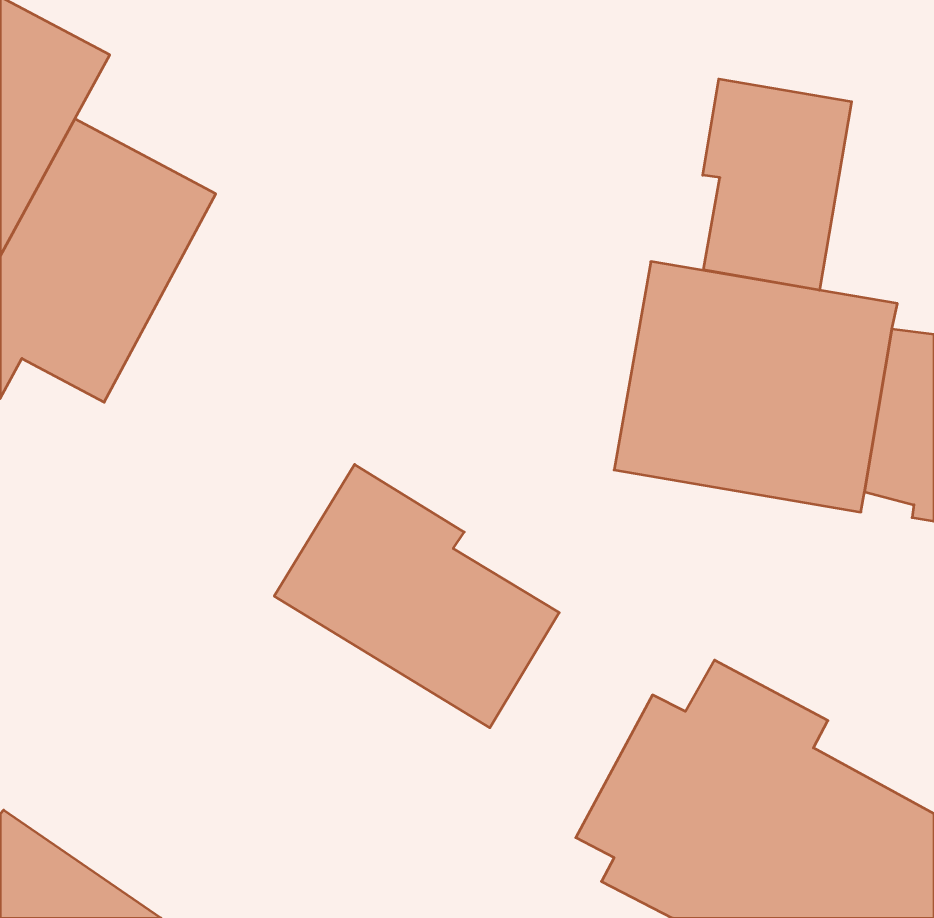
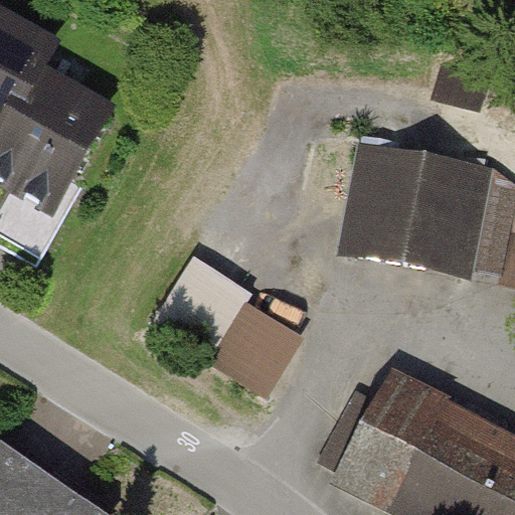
building: [703,79,852,290] -> none

